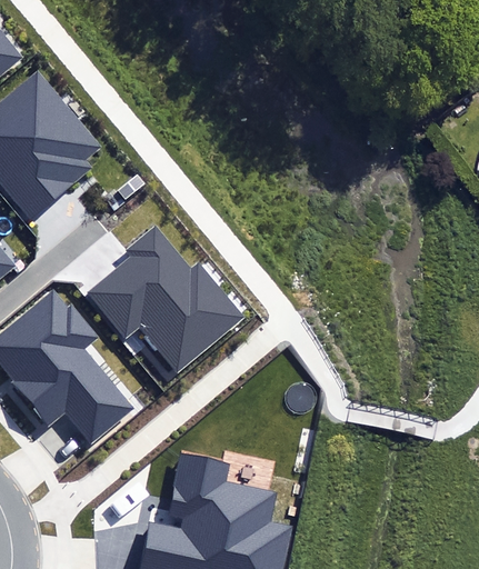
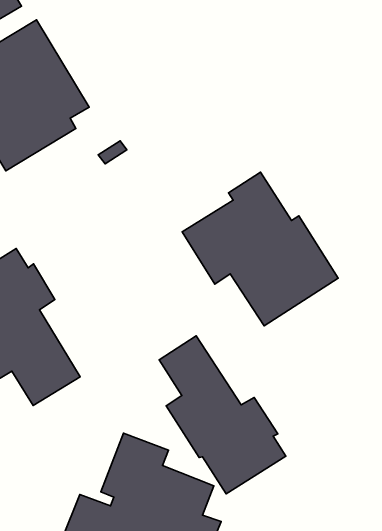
building: [88,224,245,372] -> [182,172,338,326]
building: none -> [159,336,286,494]

